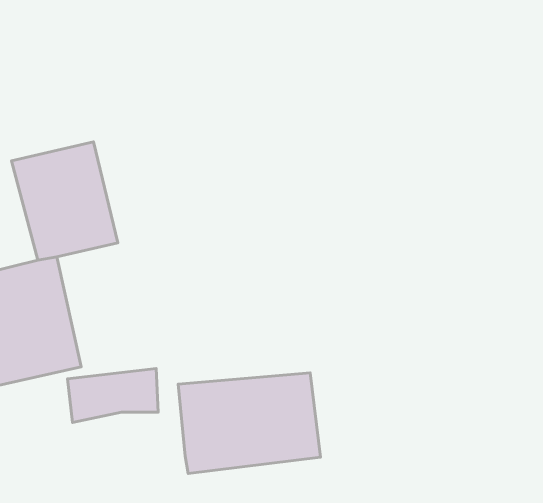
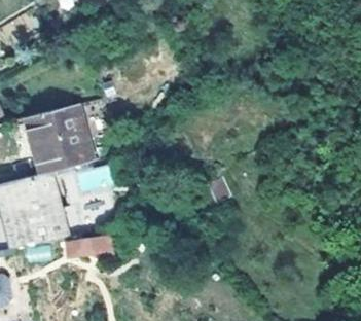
building: [178,373,320,473] -> none

